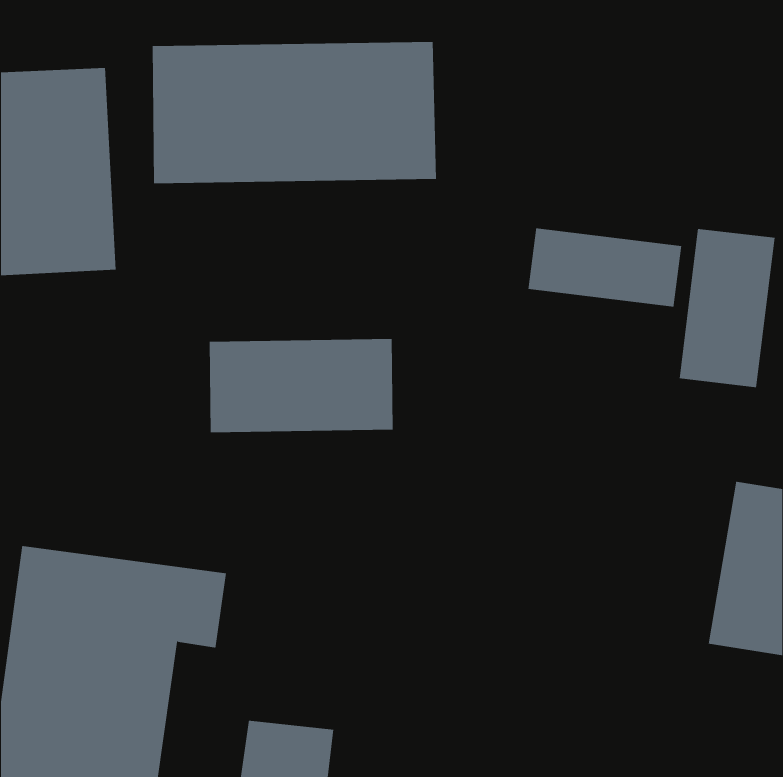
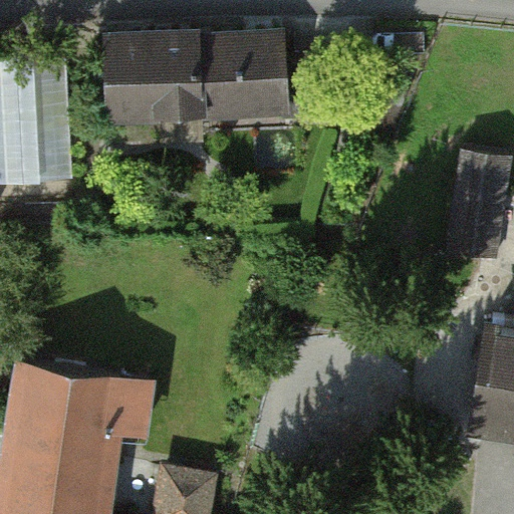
building: [528,228,682,307] -> none
building: [209,338,393,433] -> none

